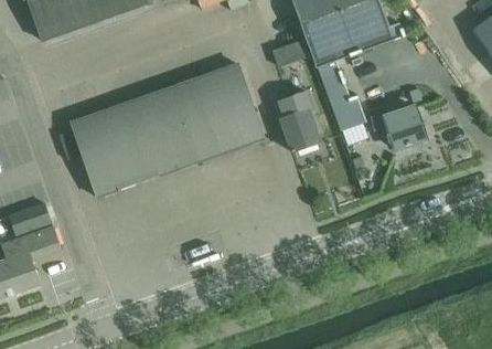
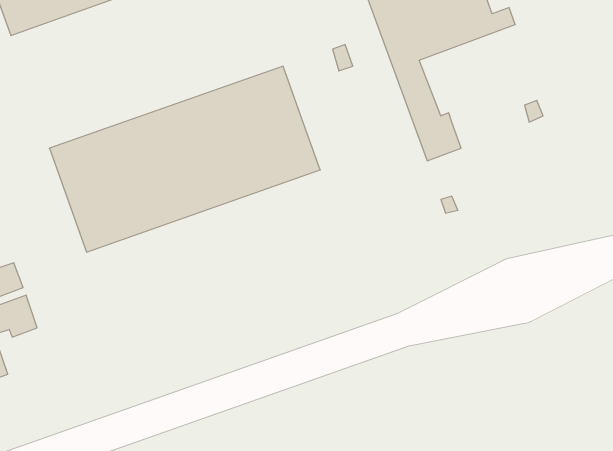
building: [277,91,320,151] -> none
building: [370,107,425,150] -> none

